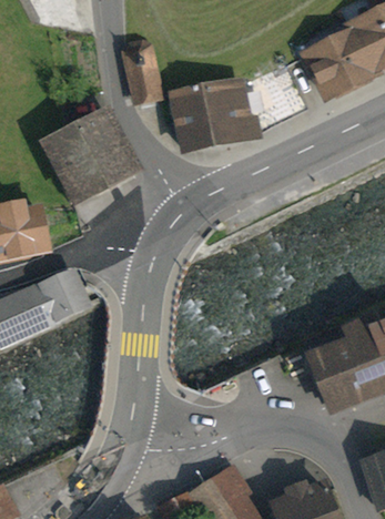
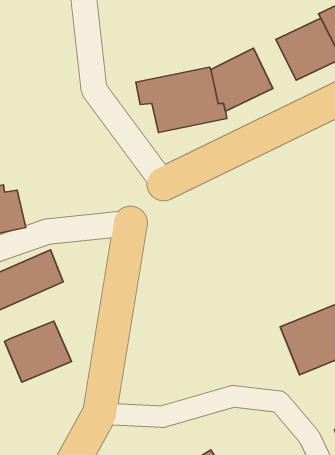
building: [123,42,160,99] -> none
building: [49,118,131,202] -> none
building: none -> [4,321,71,382]

